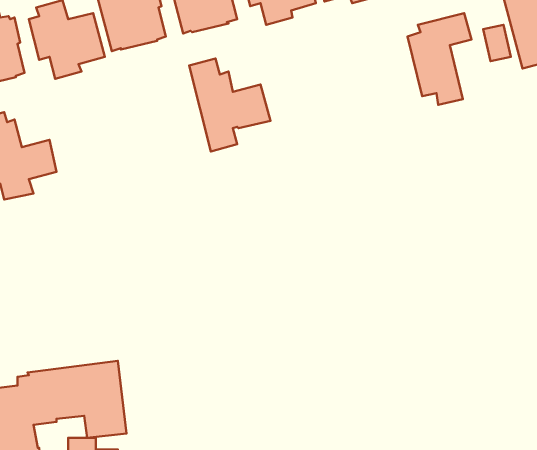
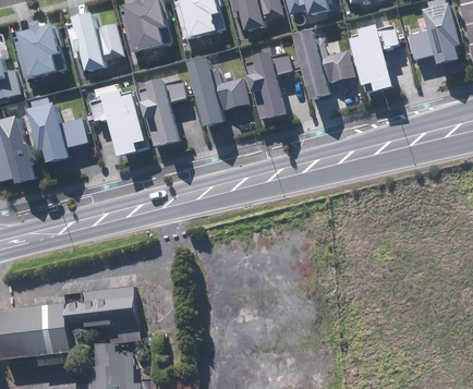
building: none -> [294,31,354,101]
building: none -> [248,49,292,116]
building: none -> [142,81,185,147]
building: none -> [89,92,147,158]

